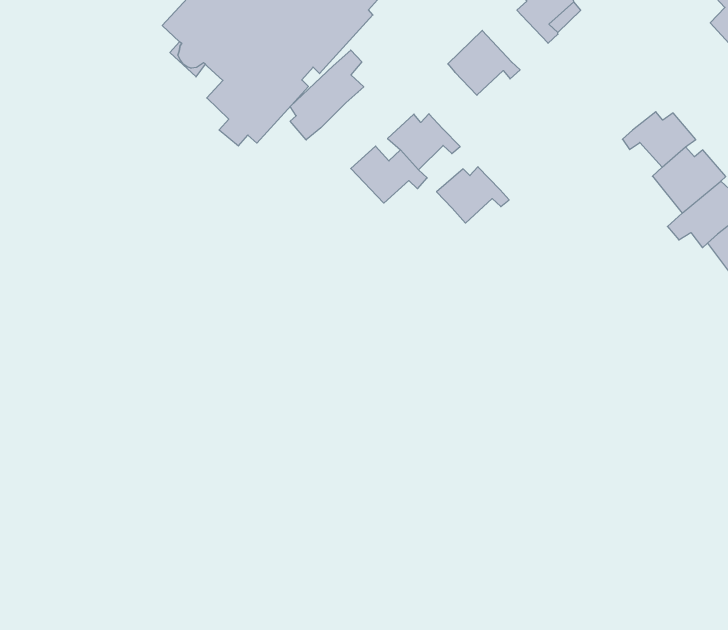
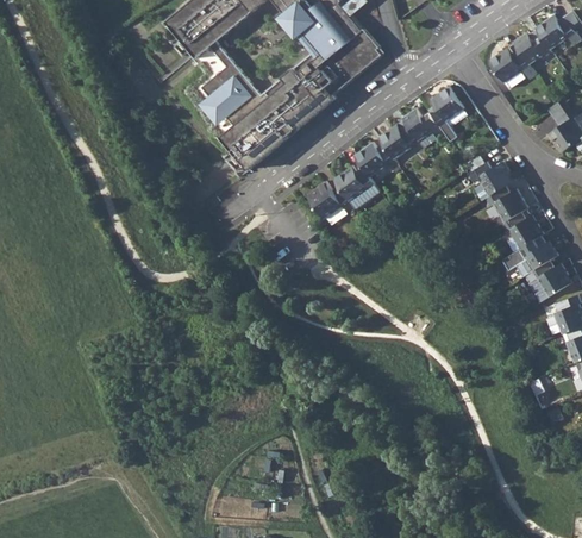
building: none -> [402,108,444,148]
building: [290,50,364,140] -> none
building: none -> [465,162,515,196]
building: [437,167,509,223] -> [353,143,399,177]

